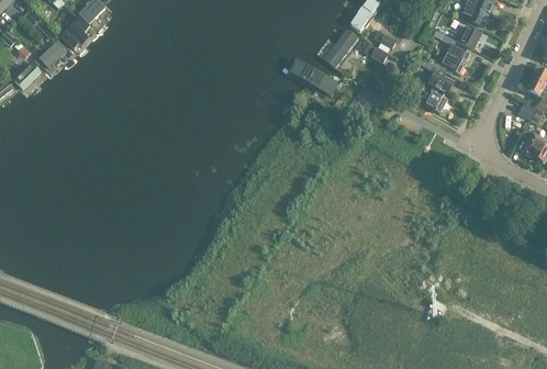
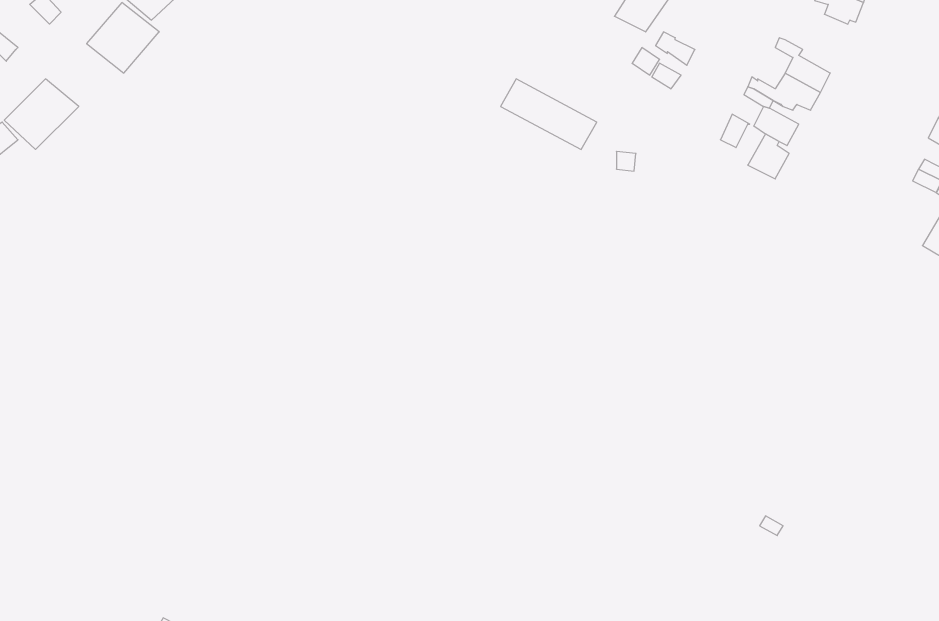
building: [320,22,359,67] -> none
building: [442,25,480,49] -> none
building: [34,37,72,72] -> none

